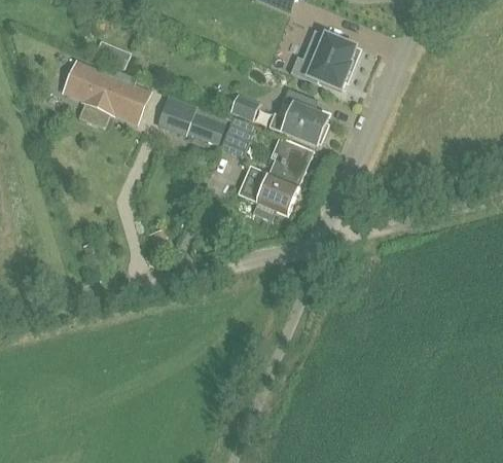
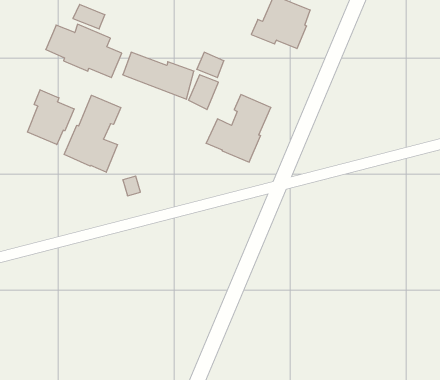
building: [268,91,327,147] -> none
building: none -> [27,90,74,145]
building: none -> [64,95,121,172]

